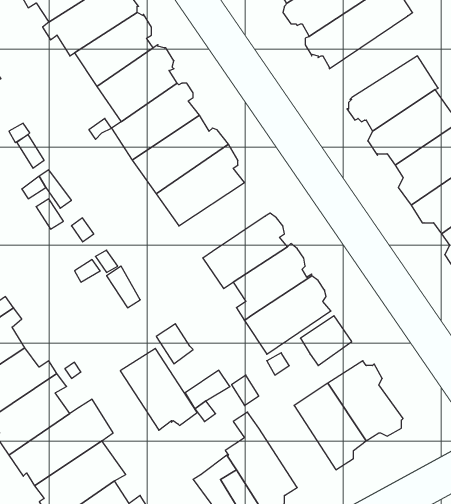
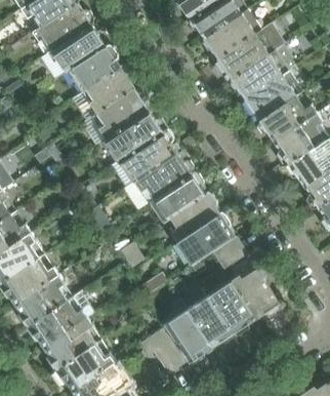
building: none -> [230,46,296,98]
building: none -> [135,153,193,202]
building: [120,348,197,430] -> [187,295,236,348]

